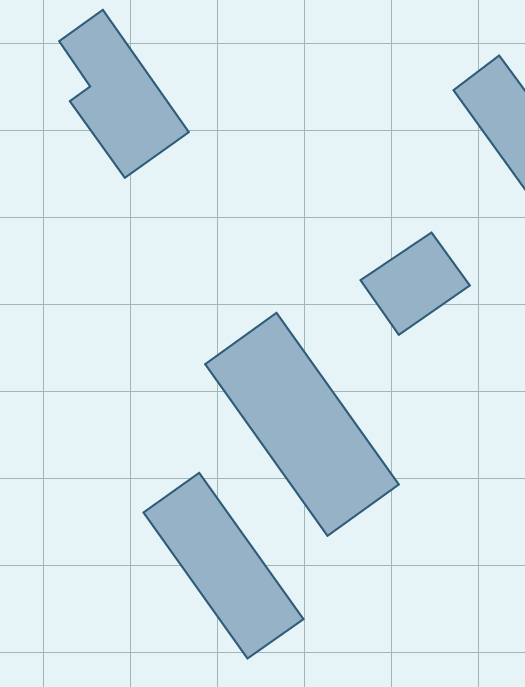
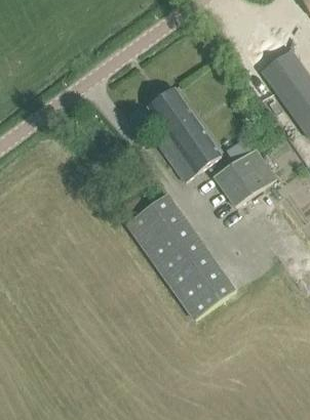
building: [59,10,189,178] -> [148,88,221,182]
building: [143,473,303,659] -> none

